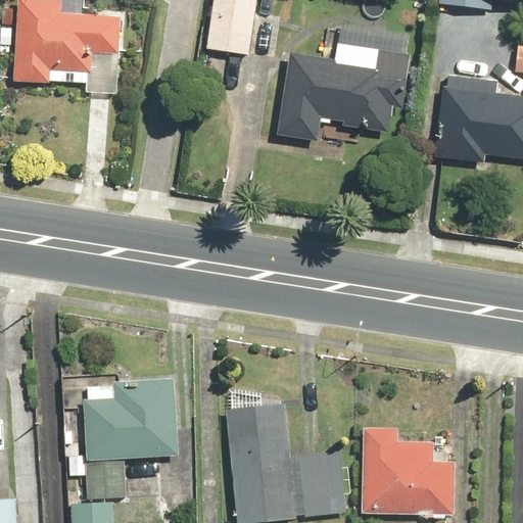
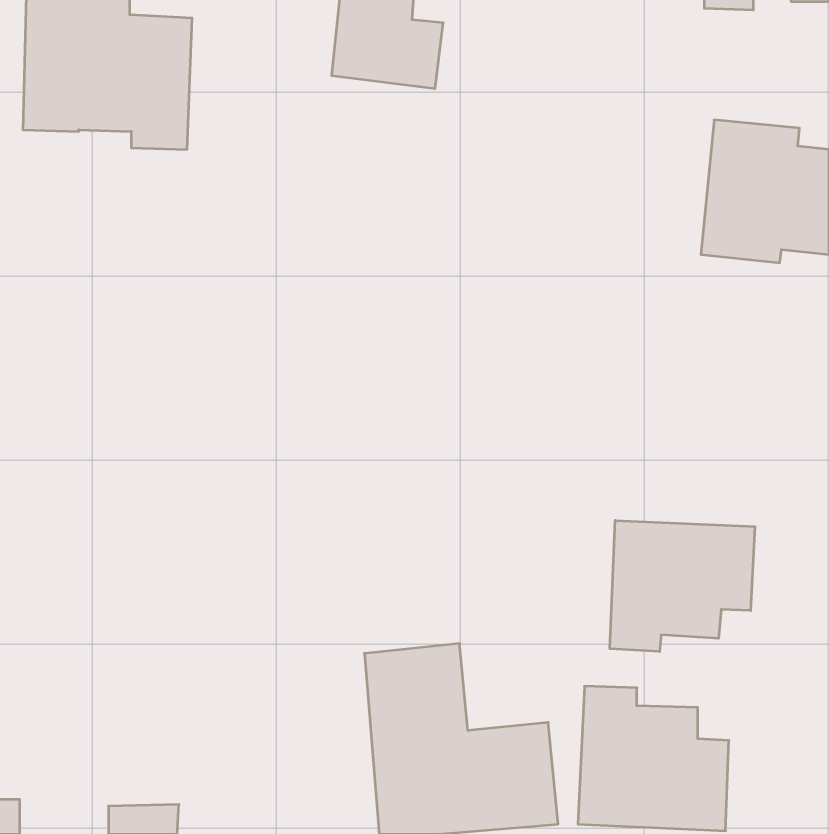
building: [278,23,409,140] -> none
building: none -> [610,520,755,652]
building: [67,379,177,498] -> none

